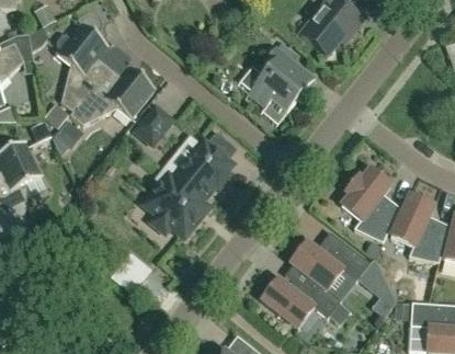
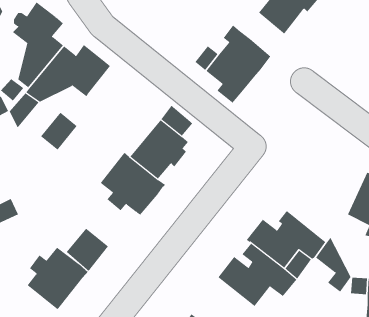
building: [96,38,136,77] -> none
building: [135,105,172,144] -> [40,112,78,150]
building: [341,168,399,242] -> none
building: none -> [27,247,89,310]

